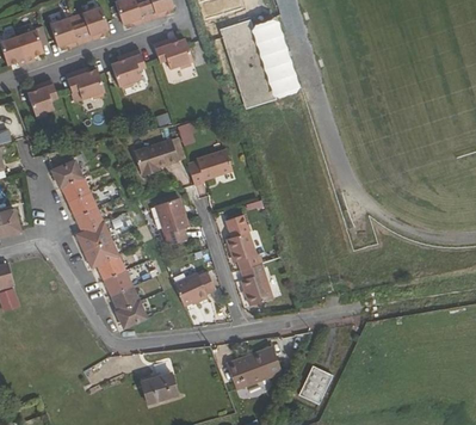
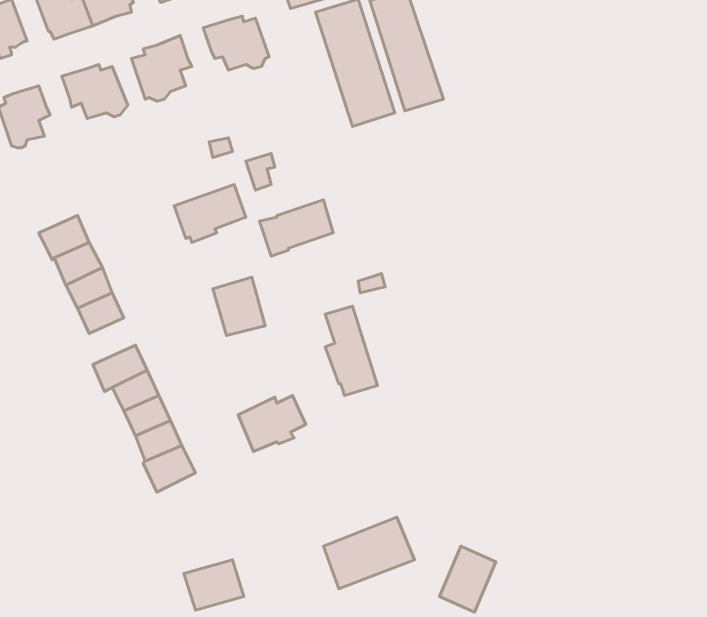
building: [76,222,110,251] -> none
building: [239,264,271,304] -> none

